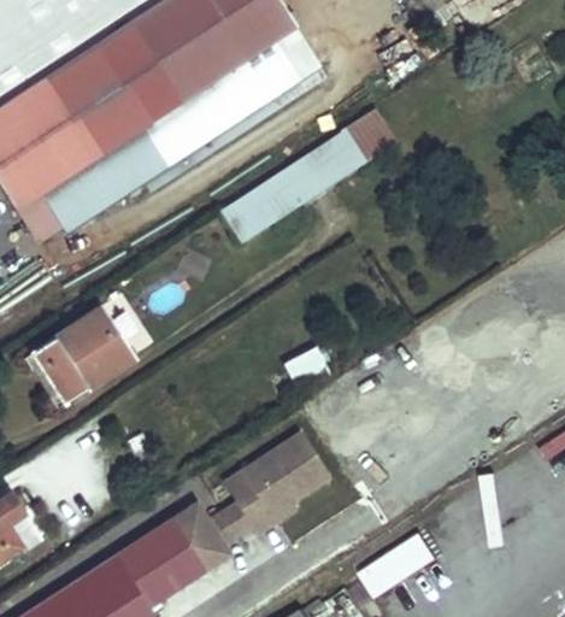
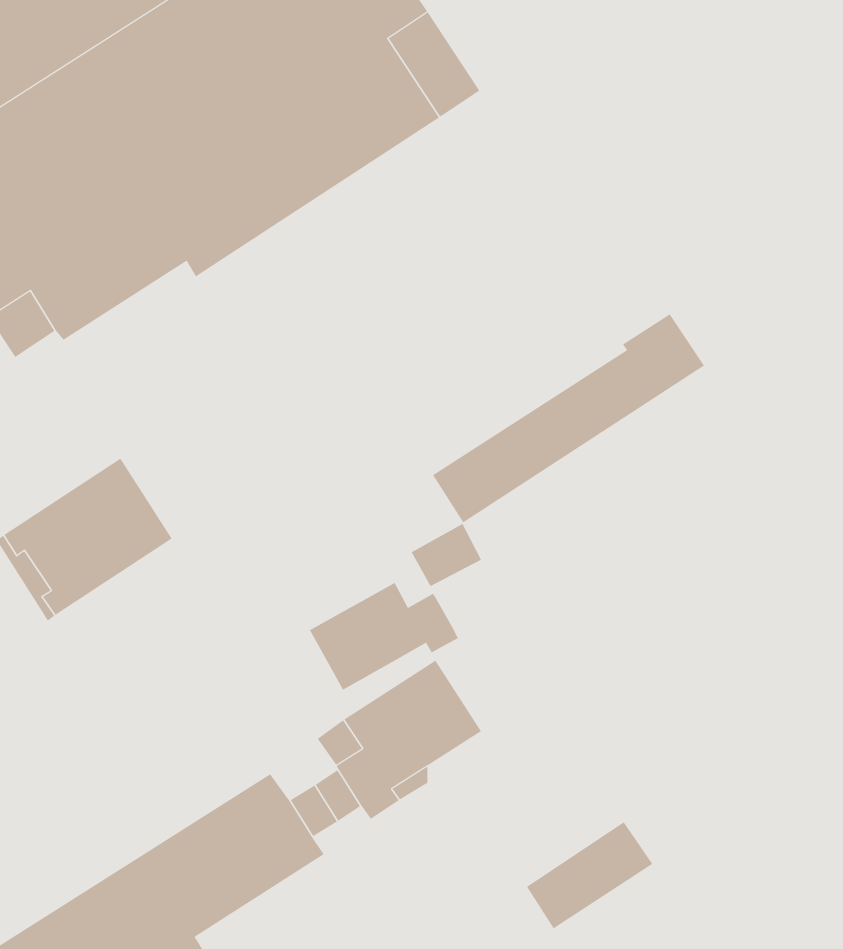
building: [223,108,394,240] -> [432,314,705,523]
building: none -> [309,582,459,690]

